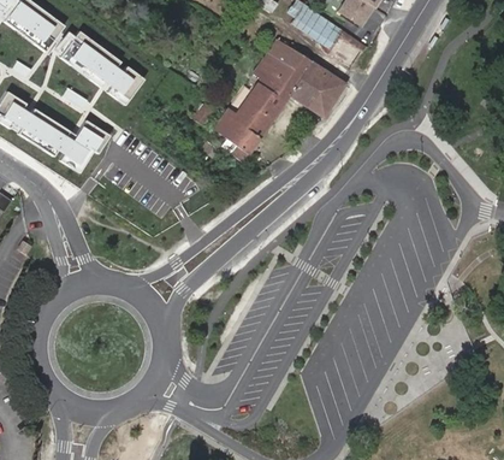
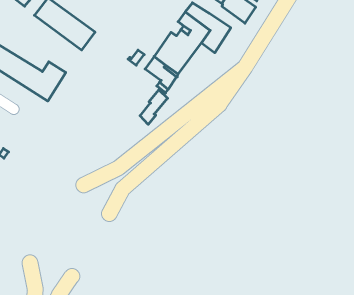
building: [307,75,343,118] -> none
building: none -> [140,90,168,124]

